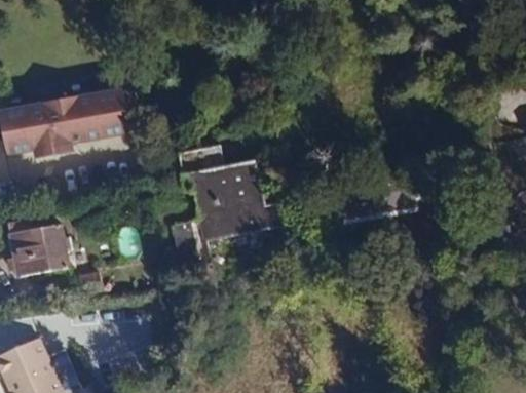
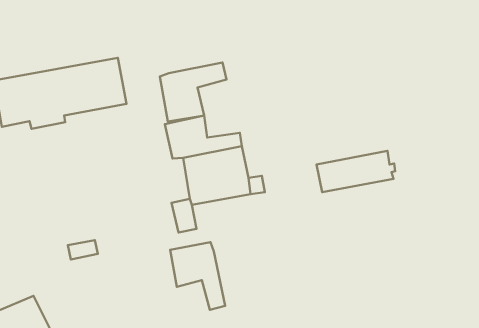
building: none -> [160,63,227,121]
building: [7,226,68,277] -> none
building: none -> [170,242,225,310]

